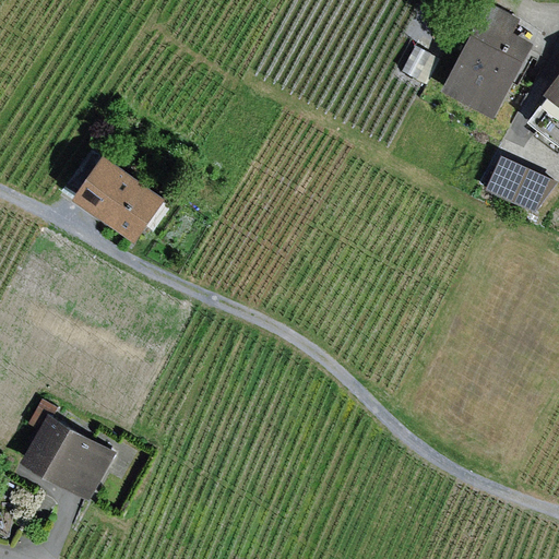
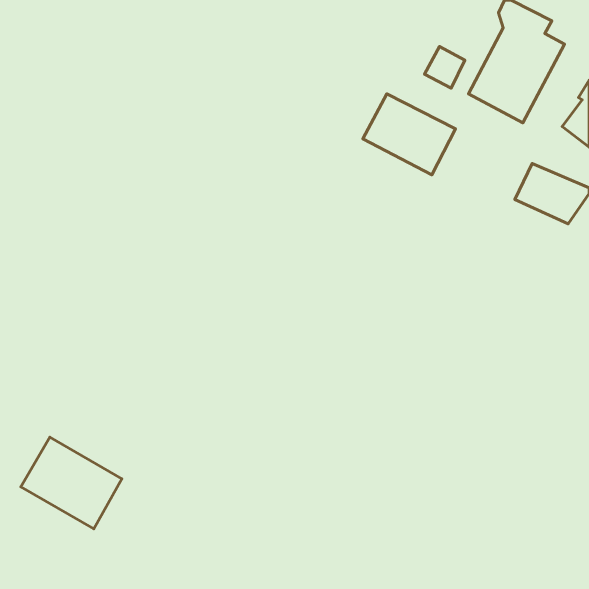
building: none -> [363,94,455,175]
building: [73,156,166,241] -> none

